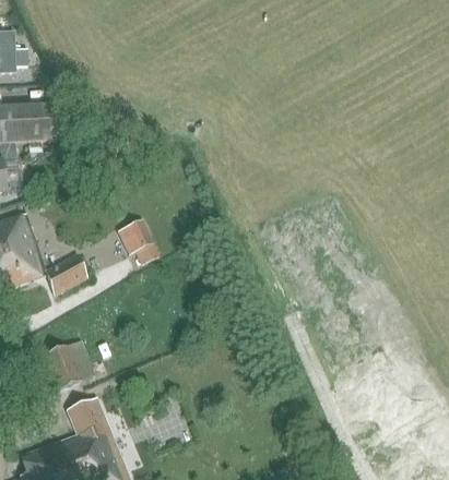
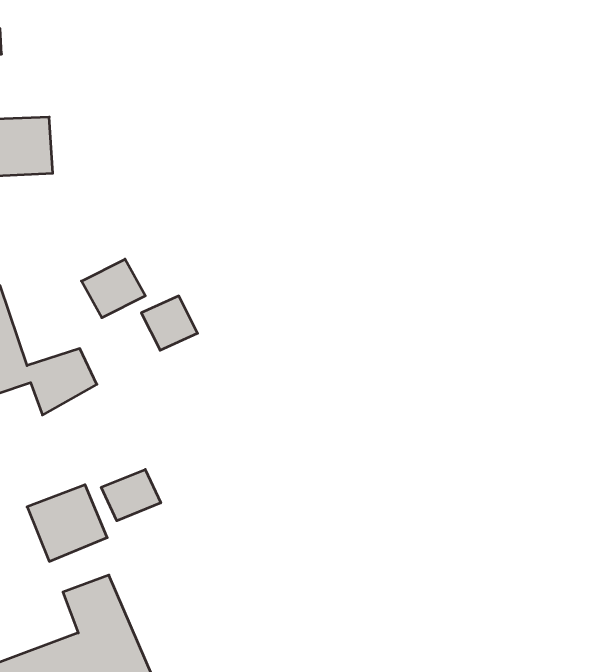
building: none -> [81,259,145,318]
building: none -> [101,469,161,521]

